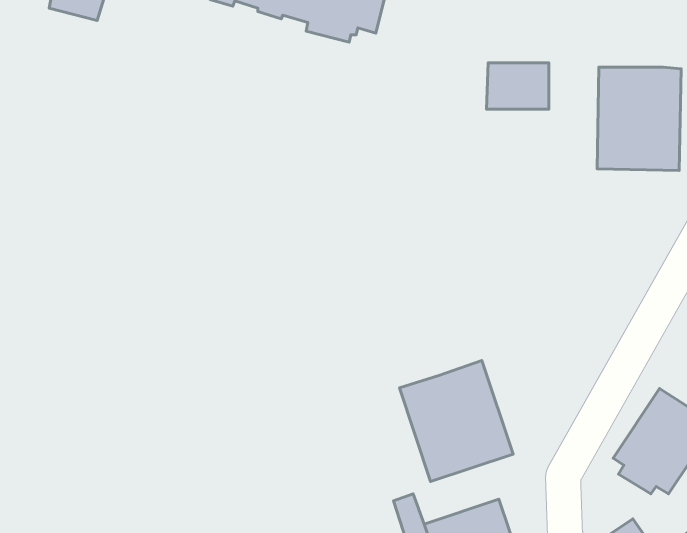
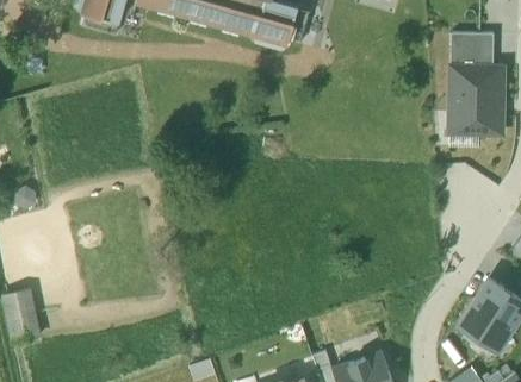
building: [486,63,549,109] -> [451,35,492,65]
building: [399,360,513,482] -> none

